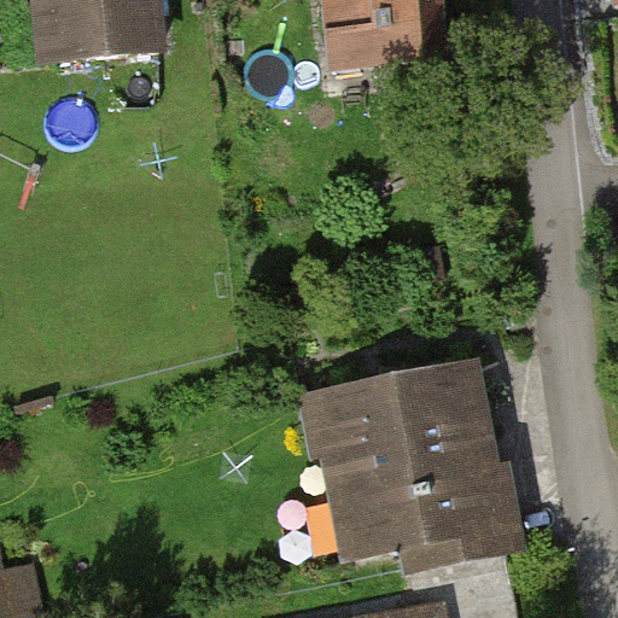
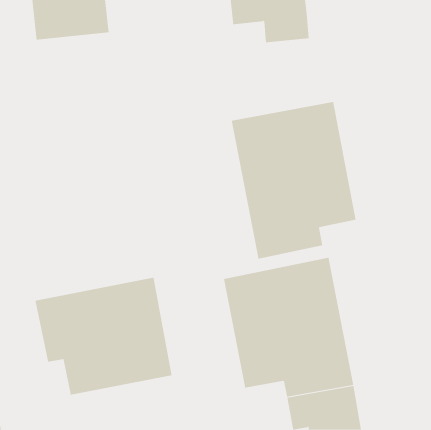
building: none -> [231,101,356,259]
building: none -> [35,277,172,395]

